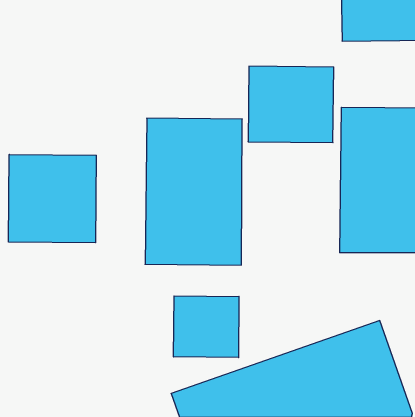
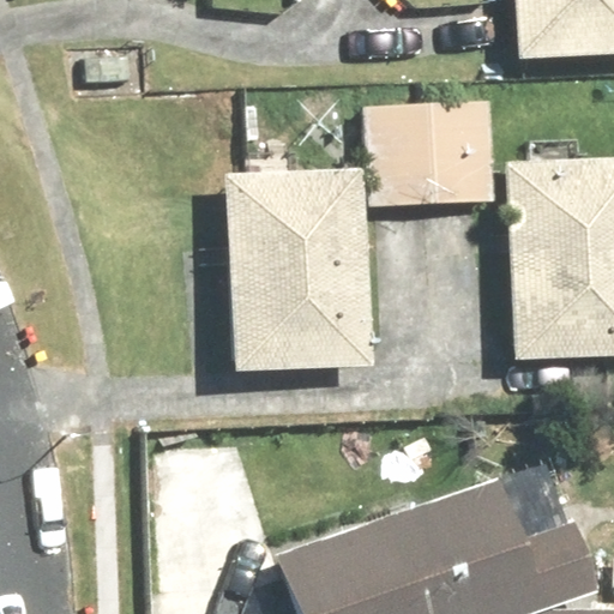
building: [9,154,96,243] -> none
building: [174,296,239,358] -> none

